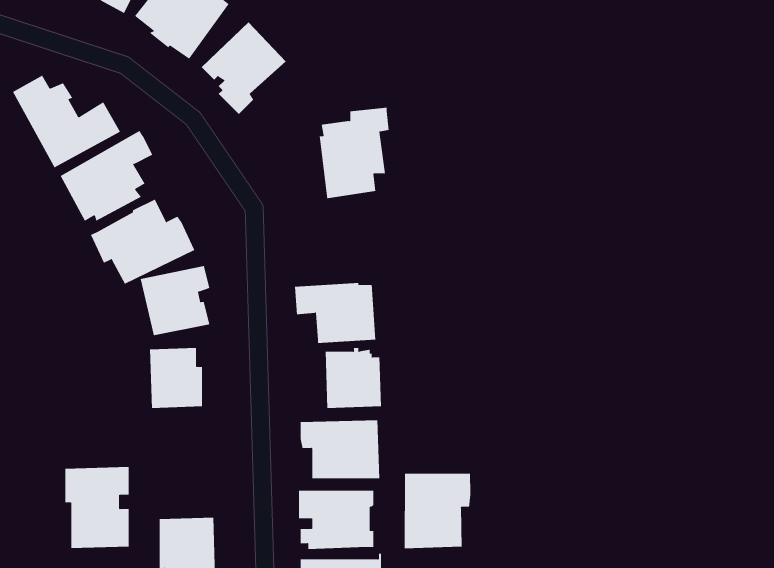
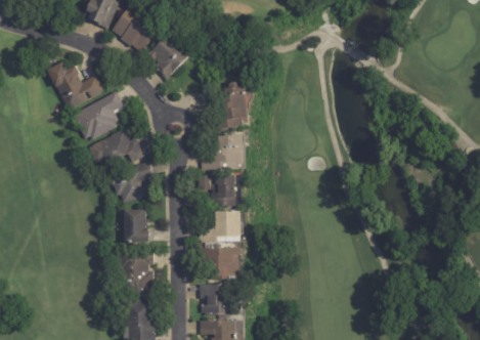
building: none -> [202,131,243,169]
building: [65,467,129,549] -> [120,251,155,295]
building: [404,473,471,549] -> none

